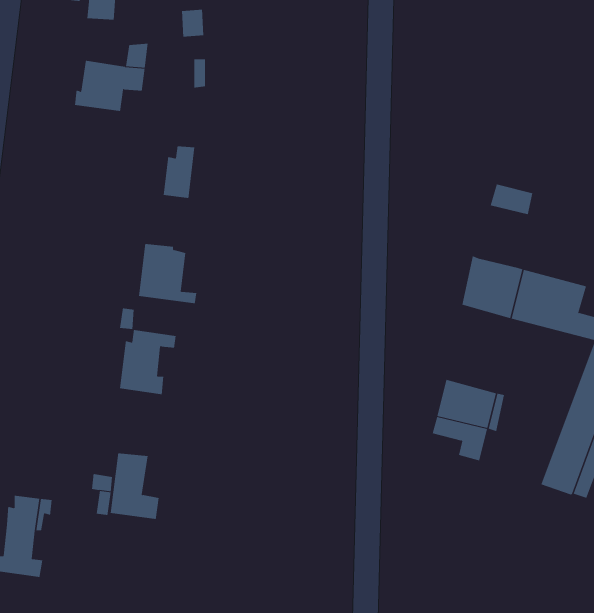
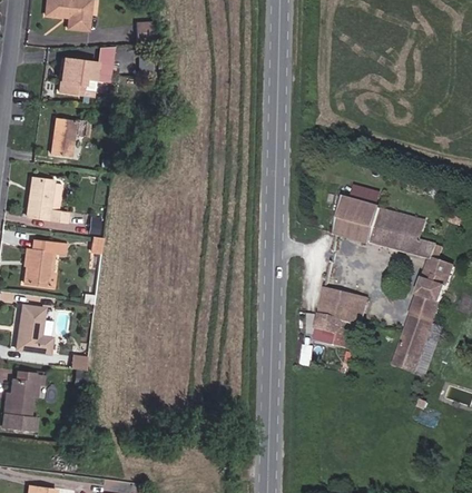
building: [163,146,195,198] -> [51,118,75,156]
building: [490,184,533,215] -> [351,185,382,207]
building: [138,243,197,304] -> [27,177,69,220]
building: [119,330,176,395] -> [23,239,65,286]
building: [110,453,159,519] -> [16,305,51,353]

